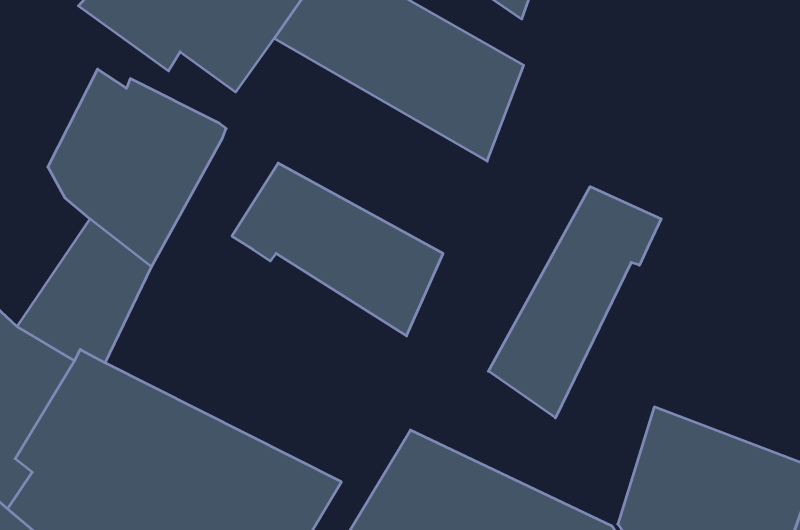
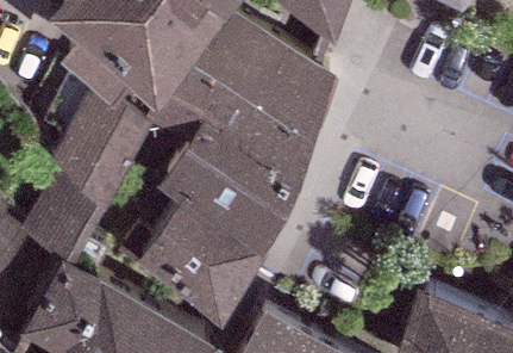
building: none -> [149,47,315,180]
building: [488,187,661,418] -> none
building: none -> [123,178,265,306]

